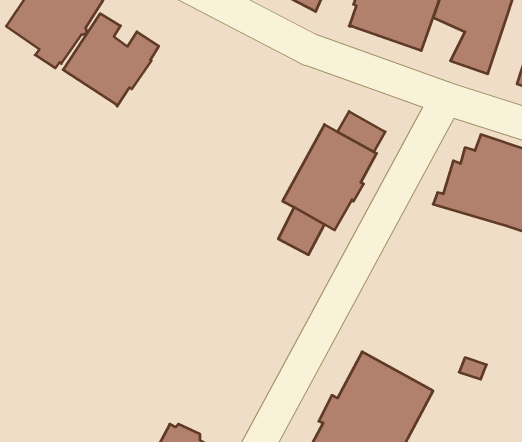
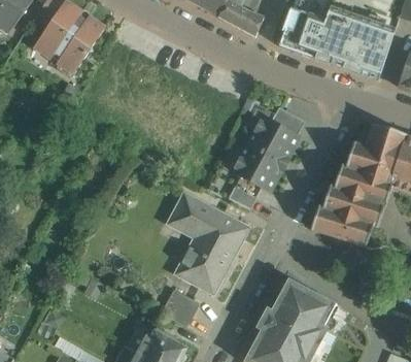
building: [63,14,159,106] -> none
building: none -> [311,172,391,246]
building: none -> [176,194,247,292]
building: none -> [161,288,201,327]

